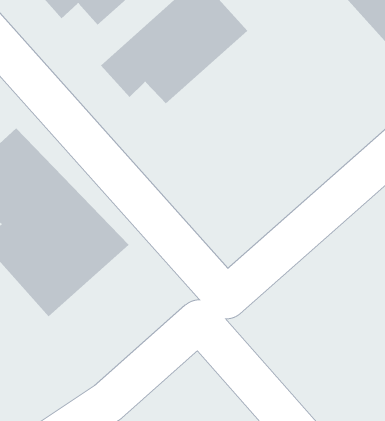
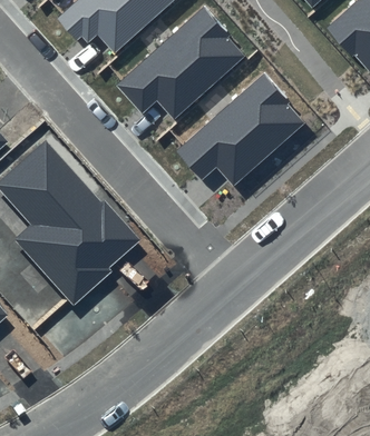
building: none -> [177,76,305,186]

